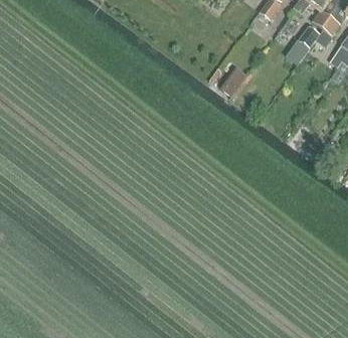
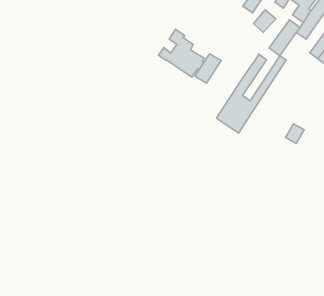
building: none -> [159,29,204,77]
building: none -> [216,54,286,133]

